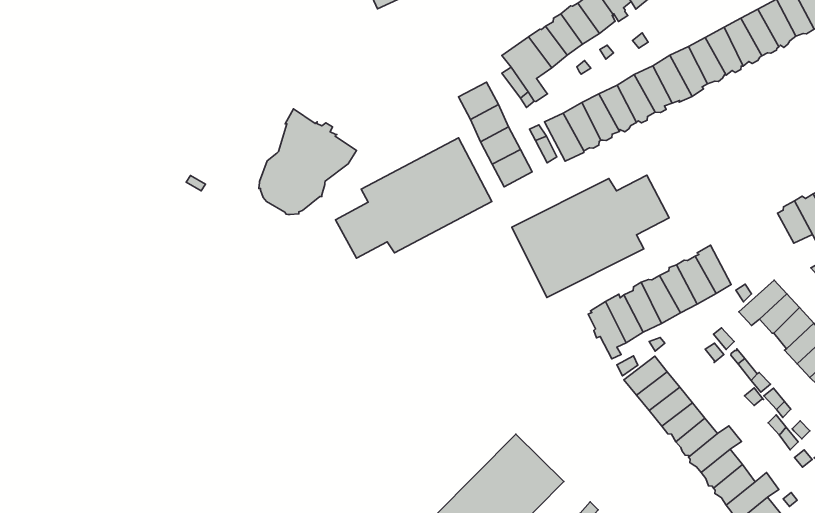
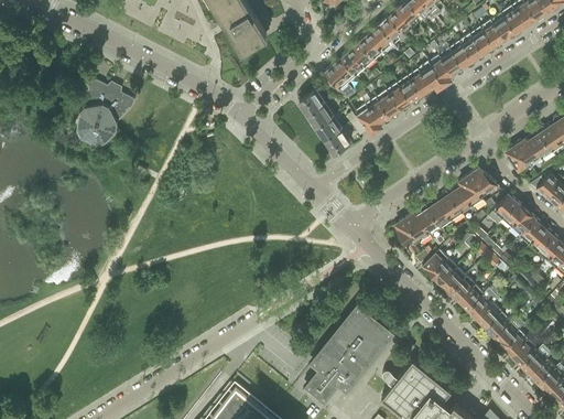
building: [259,109,357,215] -> [77,79,135,146]
building: [335,138,492,258] -> none
building: [512,175,669,298] -> none
building: none -> [467,170,502,201]

